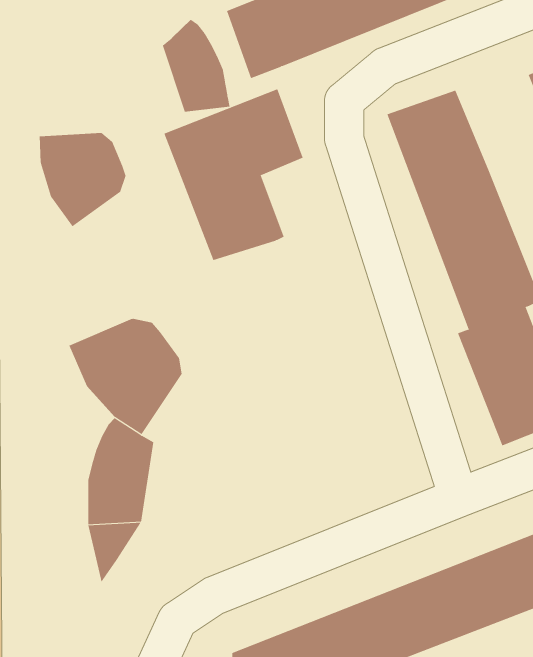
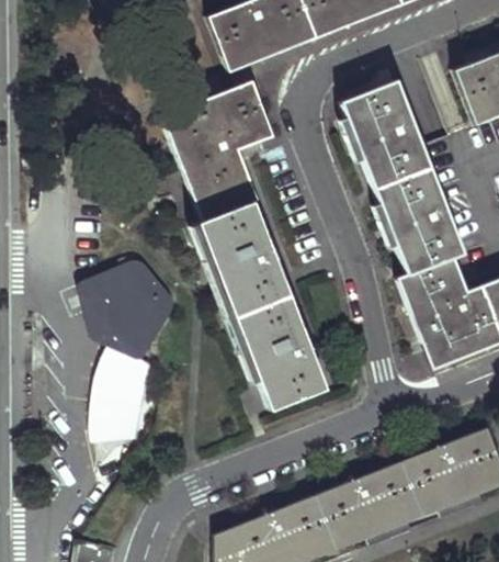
building: [162,19,230,112] -> none
building: [39,132,126,227] -> none
building: none -> [197,201,326,411]

